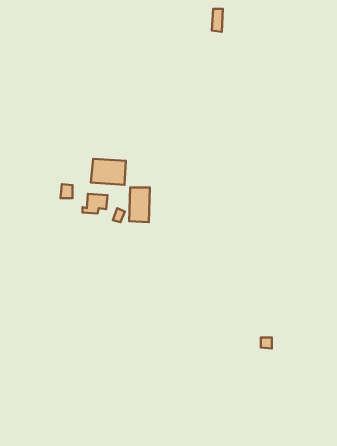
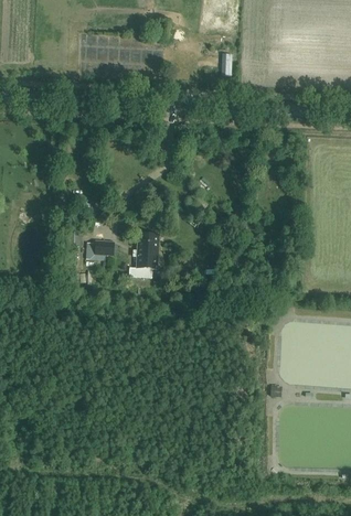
building: [91,159,126,185] -> none

